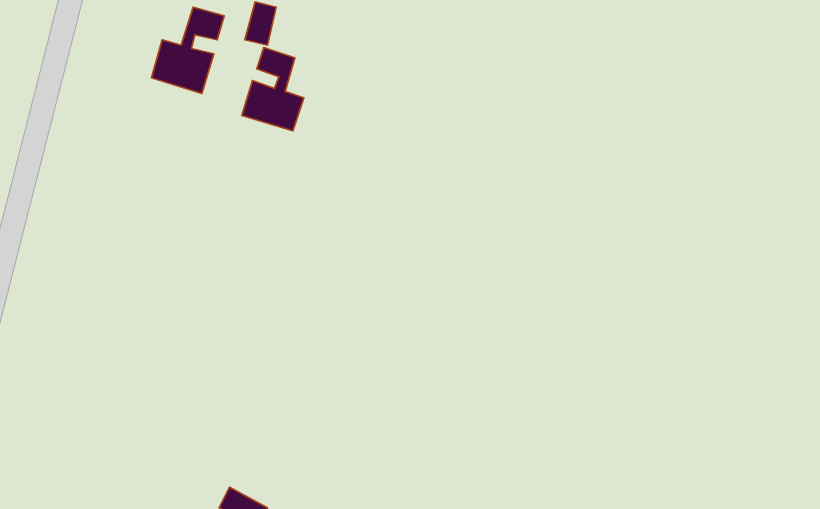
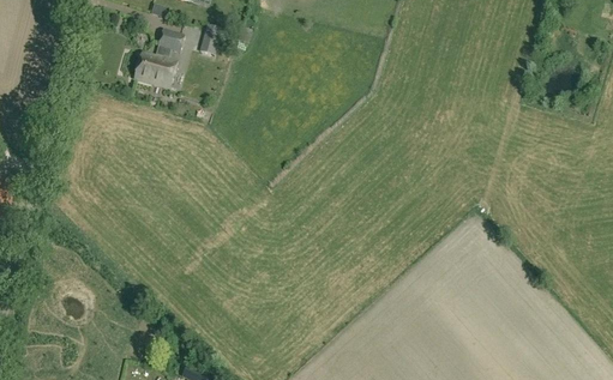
building: [242,48,304,131] -> none

